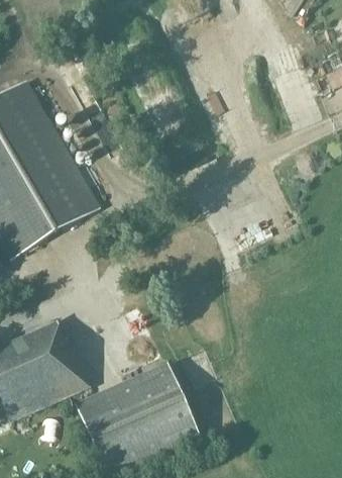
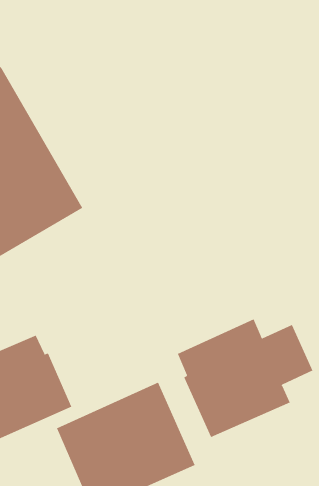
building: none -> [177,318,313,438]

